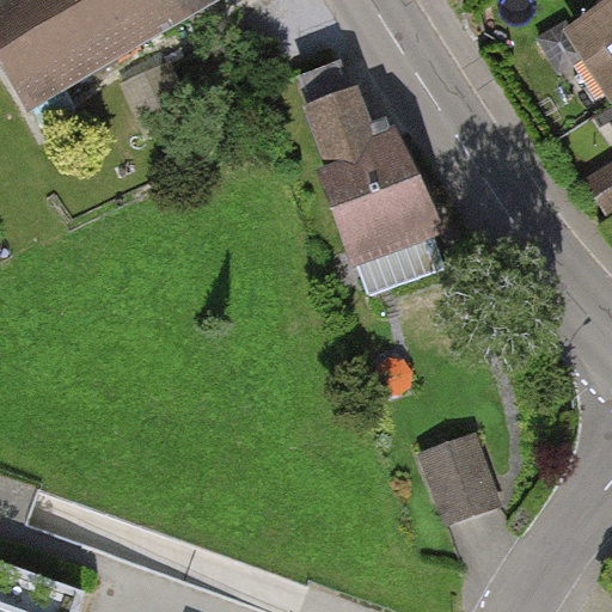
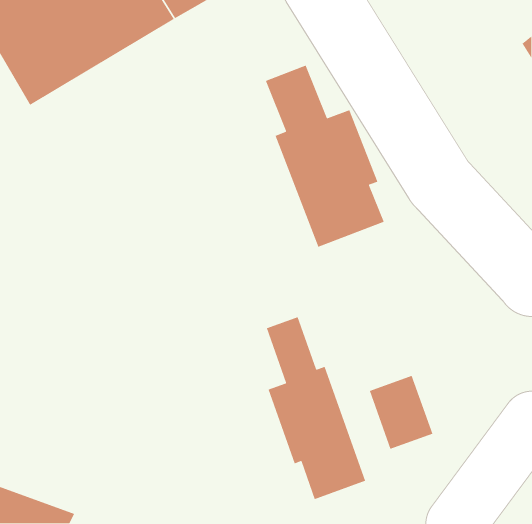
building: none -> [266,316,366,500]

